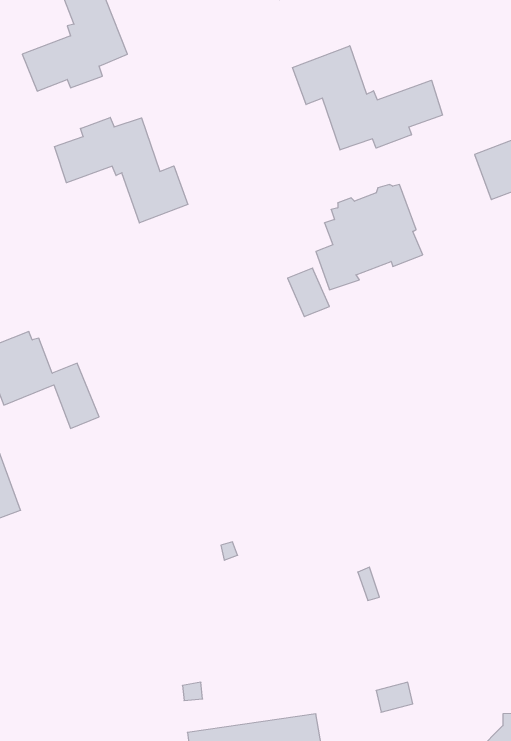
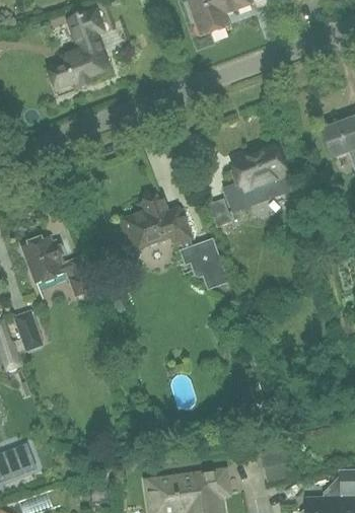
building: [293,46,443,150] -> none
building: [54,117,188,223] -> none
building: none -> [122,193,229,290]

